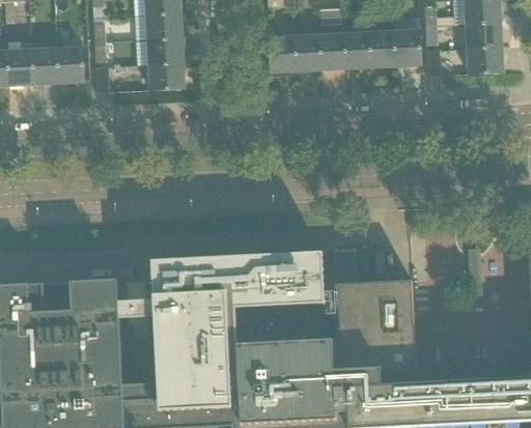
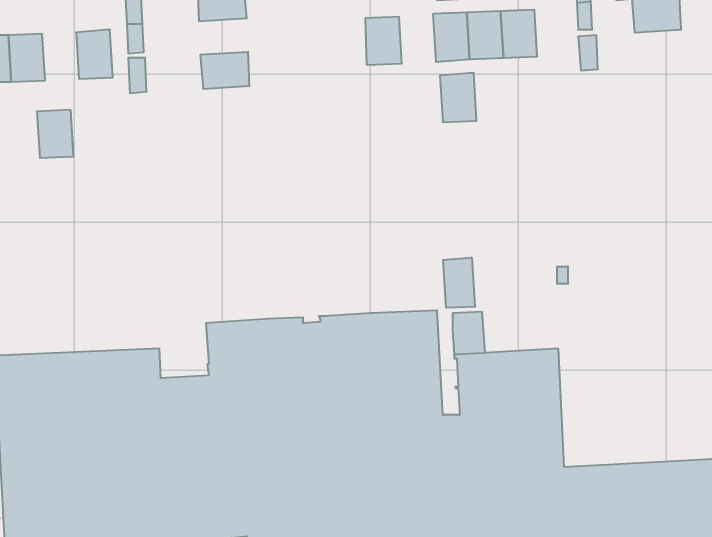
building: [393,29,420,65] -> none
building: [294,34,320,70] -> [440,73,477,122]
building: [146,37,183,64] -> none
building: [467,46,503,74] -> none
building: [31,48,58,83] -> [37,110,74,158]
building: none -> [443,257,475,308]

